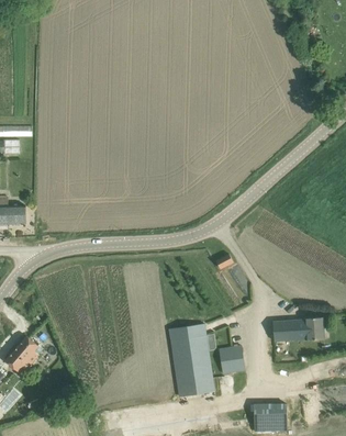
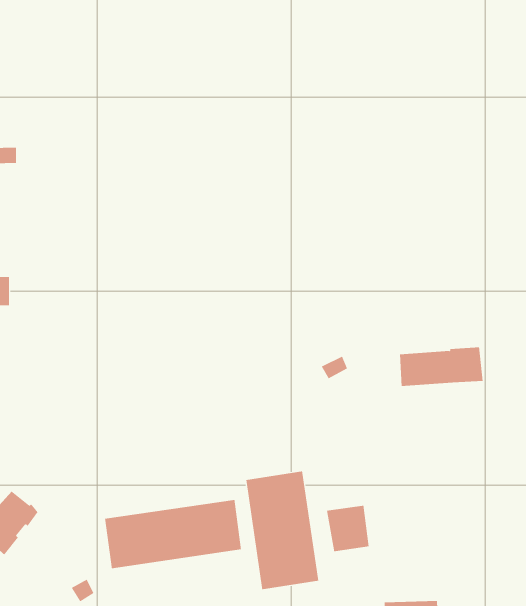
building: [272,317,324,342] -> [399,347,484,387]
building: none -> [105,499,242,569]

